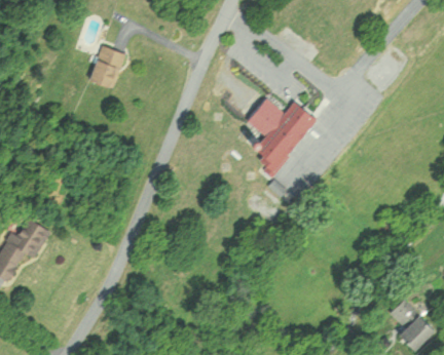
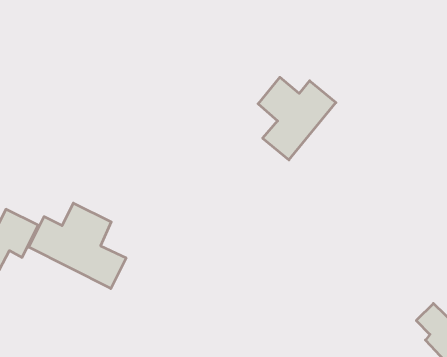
building: [89,46,125,89] -> none
building: none -> [29,203,126,289]

